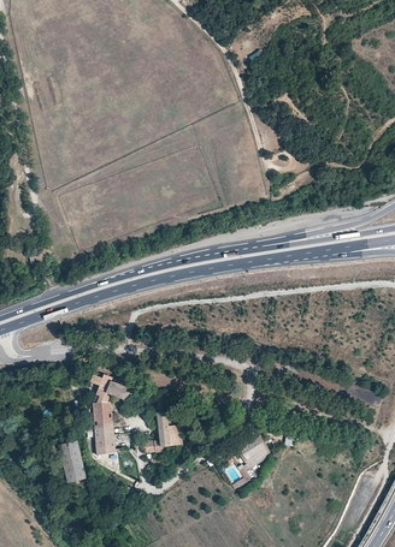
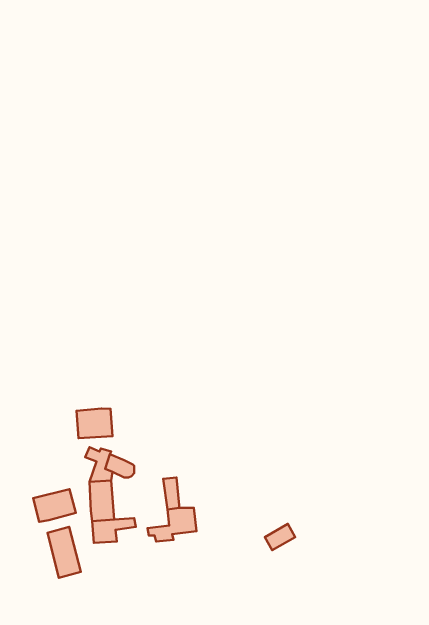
building: none -> [77,409,112,438]
building: none -> [33,489,76,522]

